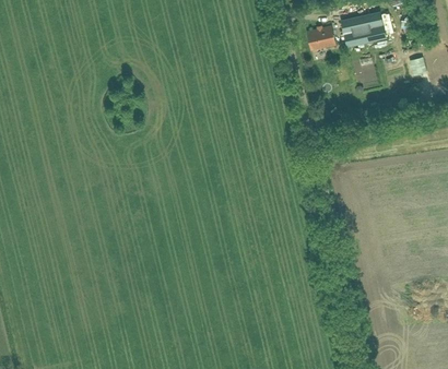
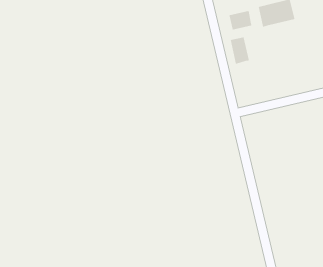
building: none -> [230,36,250,65]

